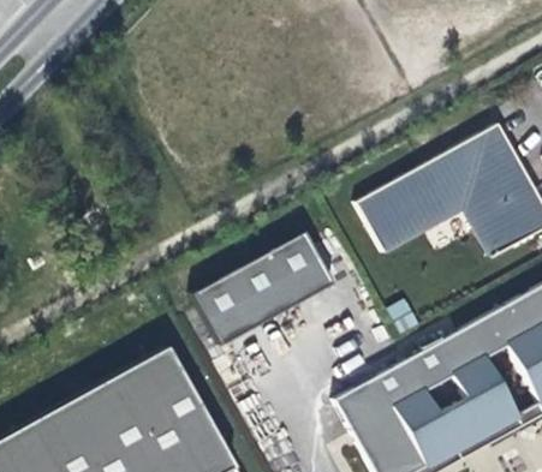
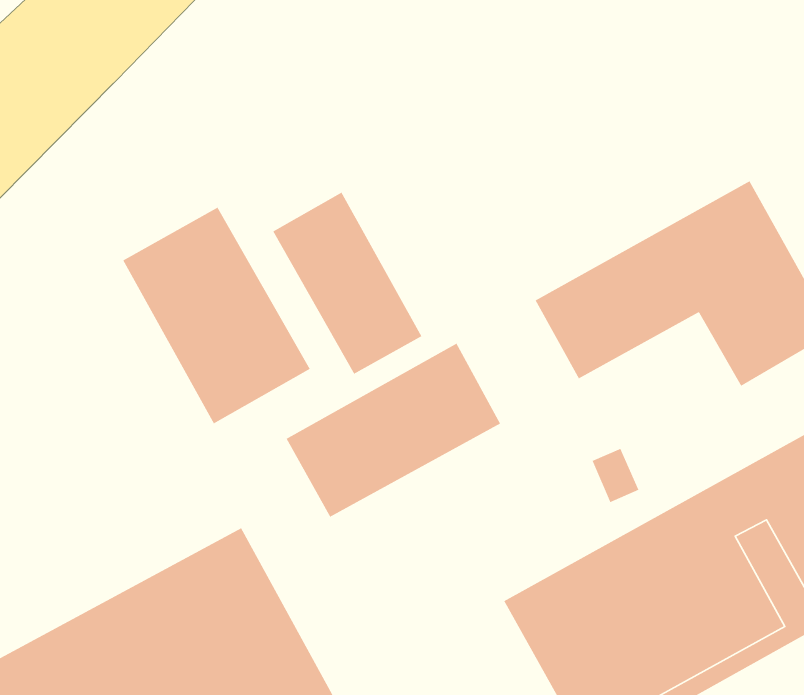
building: none -> [272,192,423,375]
building: none -> [122,207,311,424]

